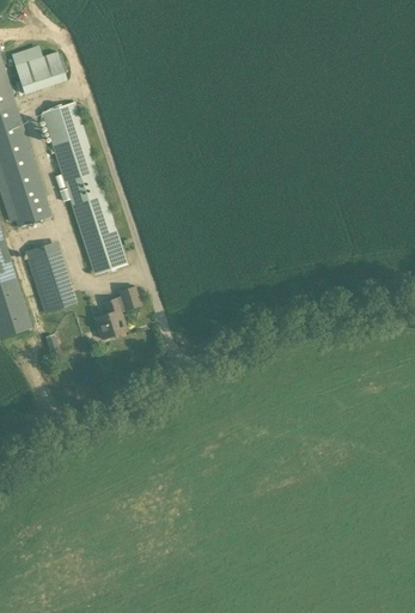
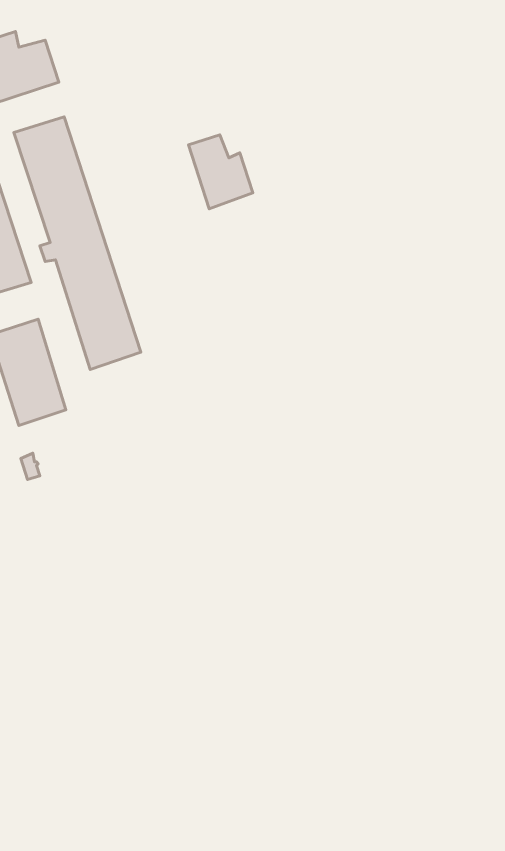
building: none -> [188,135,253,209]
building: [92,285,141,339] -> none

